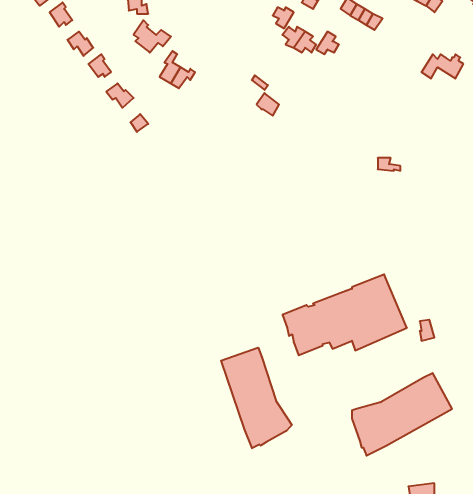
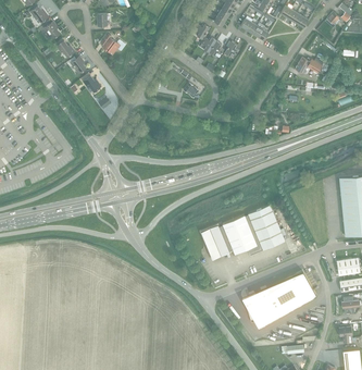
building: [221,348,292,448] -> none

